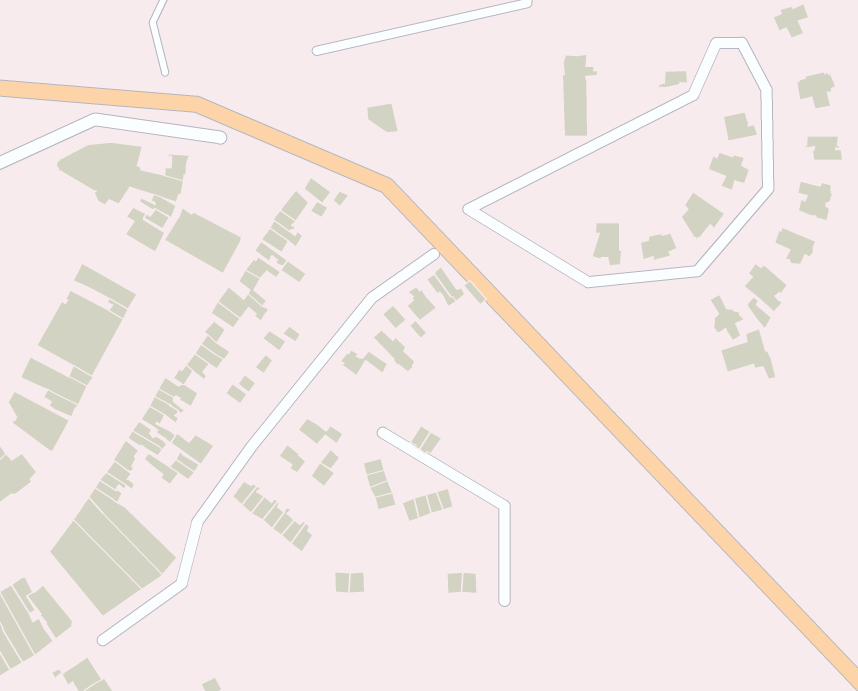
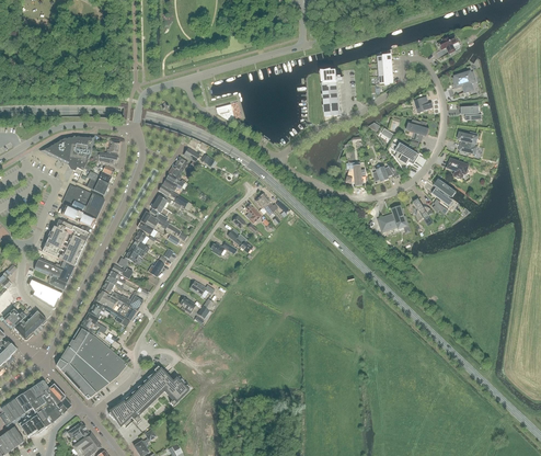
building: [164,207,241,273] -> [61,183,104,218]
building: [721,329,776,379] -> [379,205,411,232]
building: none -> [108,365,192,425]

